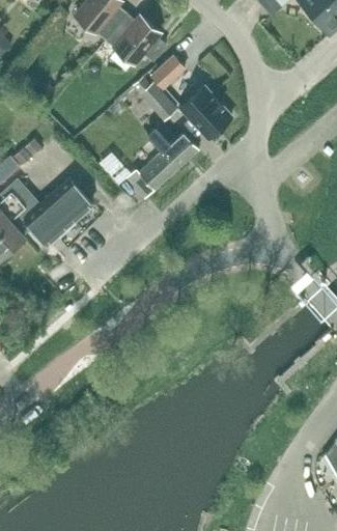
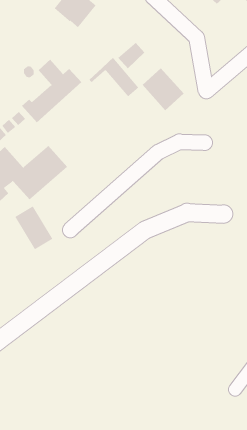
building: [105,13,160,64] -> none
building: [127,122,199,199] -> [21,59,82,123]
building: none -> [15,205,53,250]

